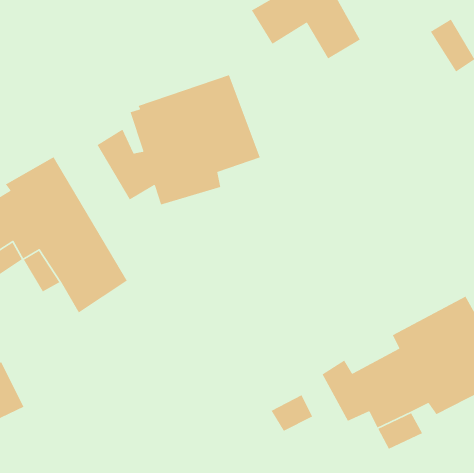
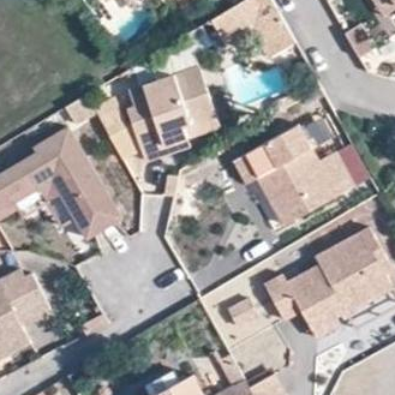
building: none -> [232,124,354,226]

